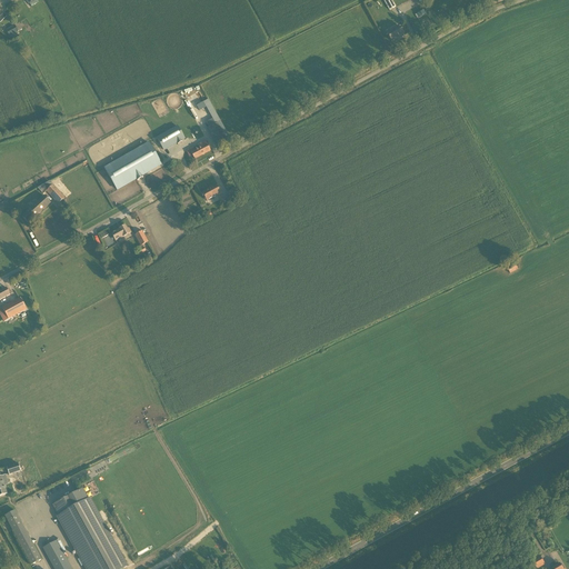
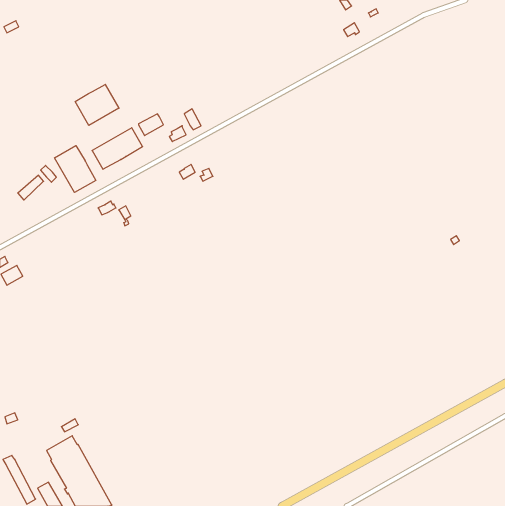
building: none -> [75,84,119,125]
building: none -> [55,146,96,192]

